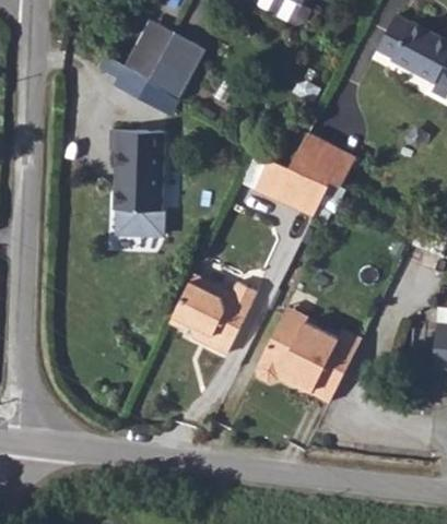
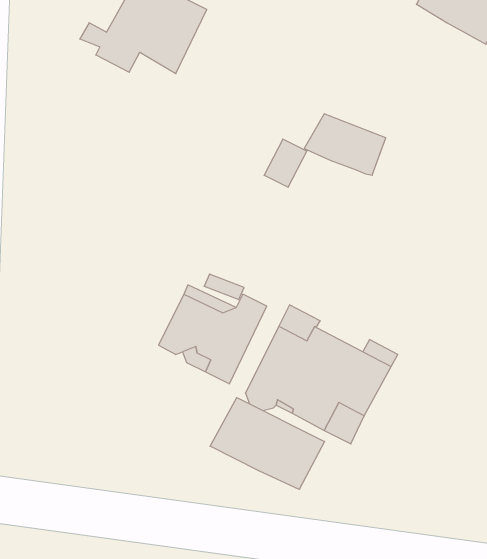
building: [111,128,166,238] -> none
building: [272,167,326,215] -> none
building: none -> [210,398,325,489]

